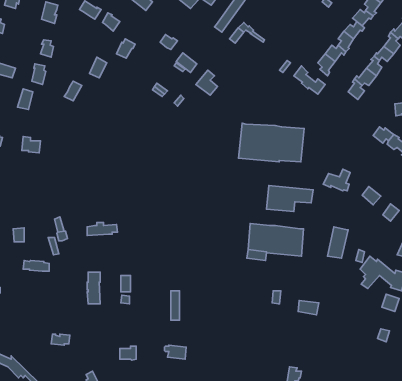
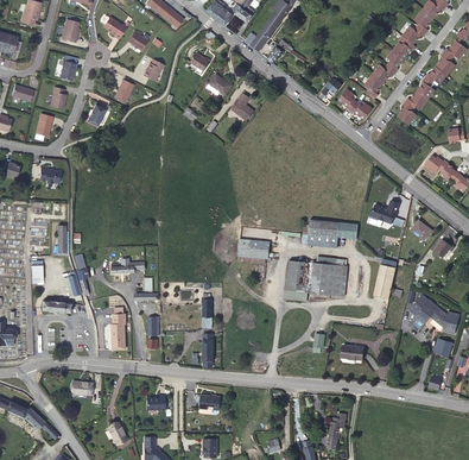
building: [238,123,304,162] -> none
building: none -> [239,239,270,258]

